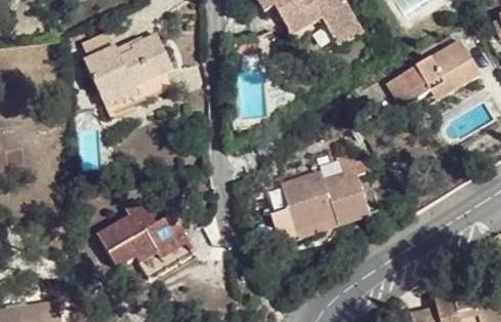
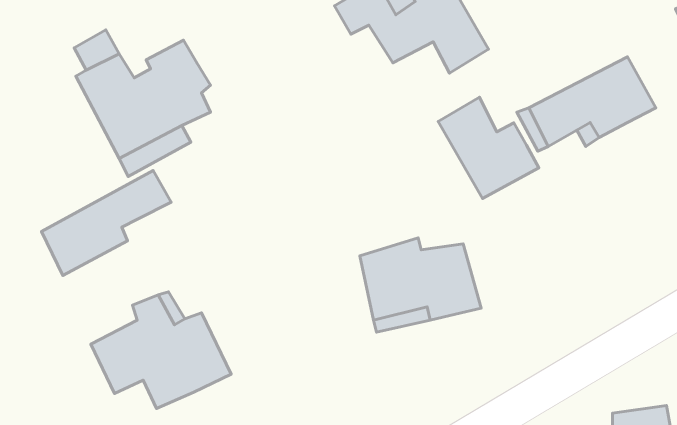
building: none -> [438,97,539,198]
building: none -> [41,171,171,276]

